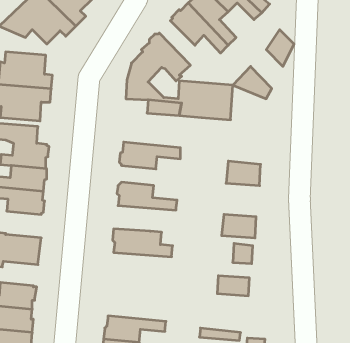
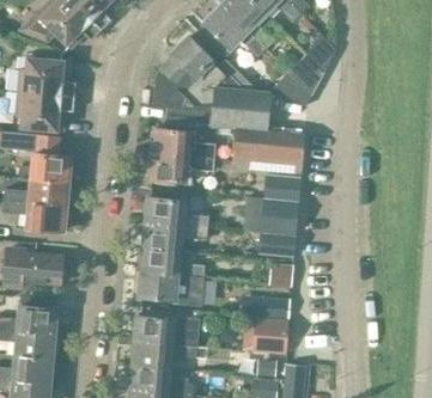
building: none -> [290,55,324,97]
building: none -> [152,128,215,160]
building: none -> [235,128,303,172]
building: none -> [261,198,299,234]
building: none -> [142,222,209,250]
building: none -> [139,273,205,301]
building: none -> [135,316,201,347]
building: none -> [252,318,287,354]

